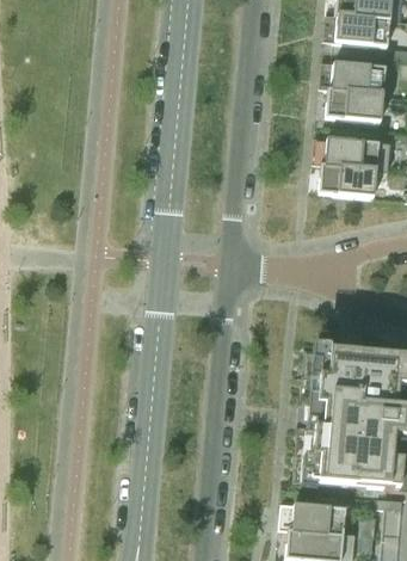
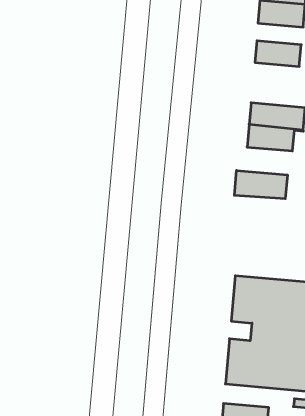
building: [327,88,384,121] -> none
building: none -> [234,170,287,199]

